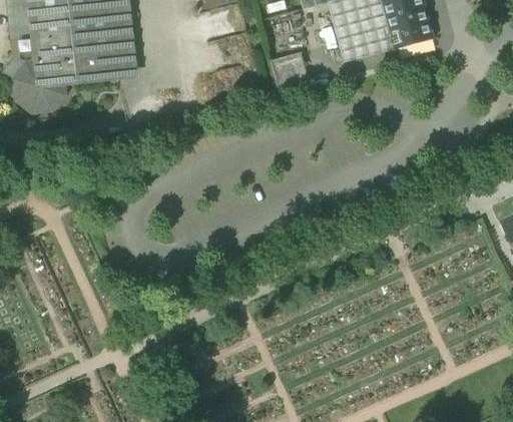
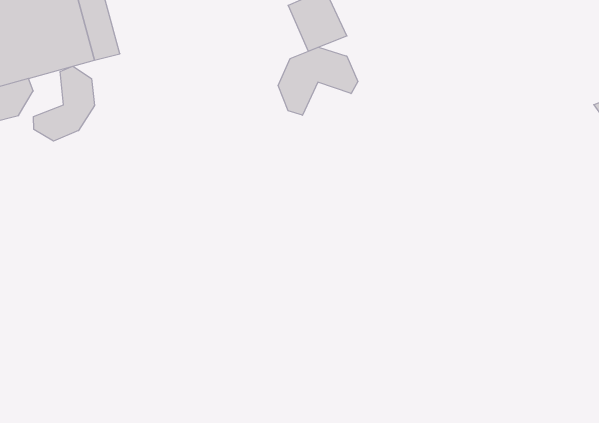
building: none -> [34,66,94,141]
building: none -> [278,47,358,115]

